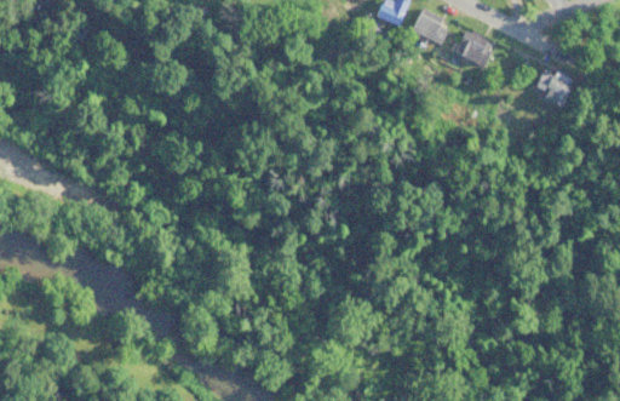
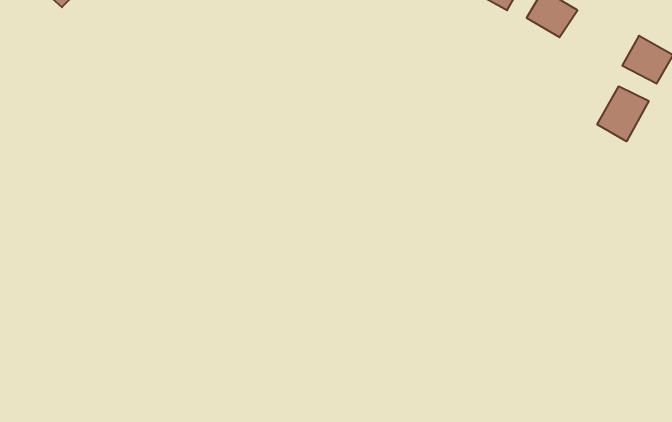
building: none -> [597,86,649,141]

